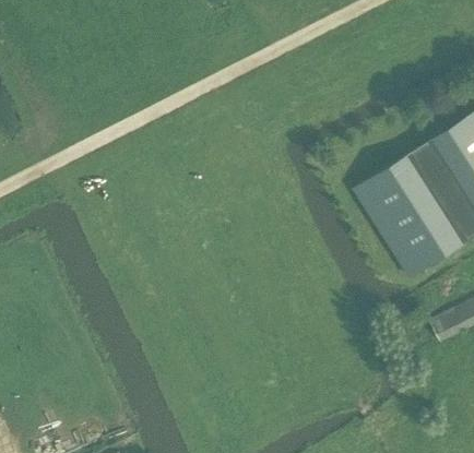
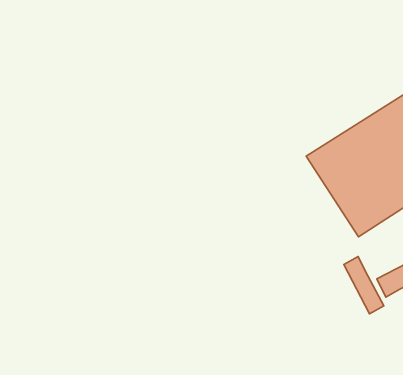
building: none -> [344,257,384,314]

